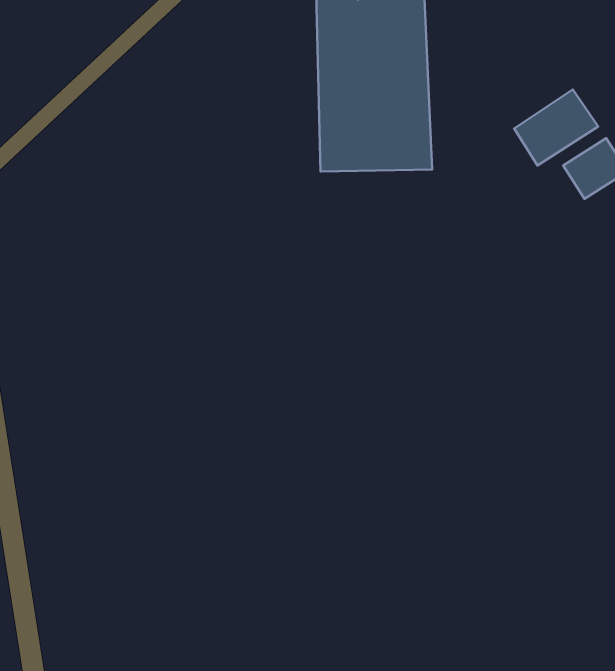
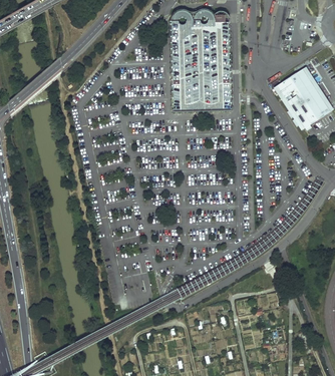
building: none -> [286,86,321,130]

